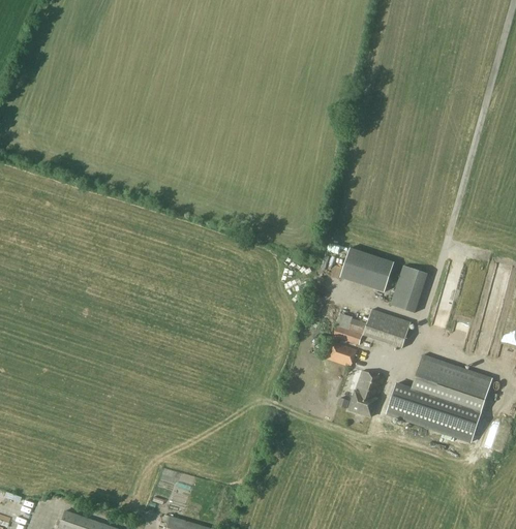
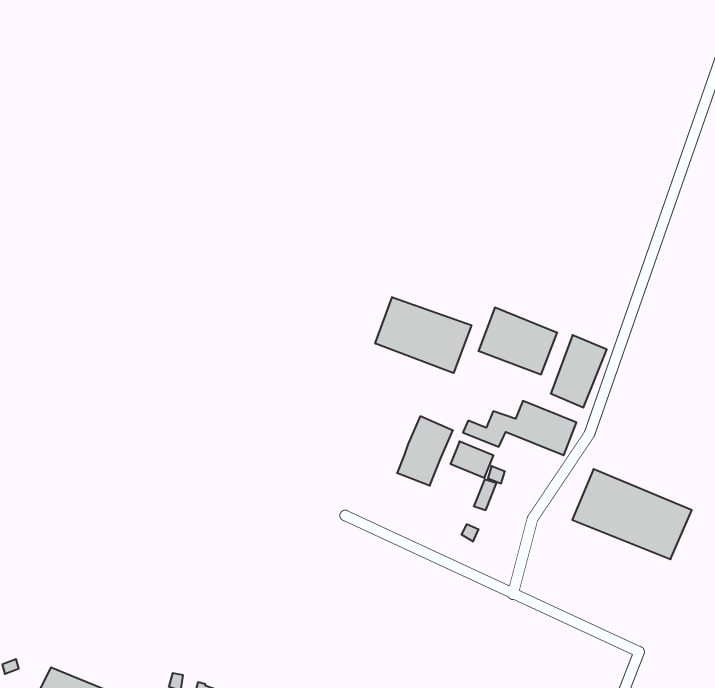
building: none -> [375,297,471,373]
building: [347,370,384,416] -> [397,416,453,486]
building: [392,386,479,439] -> none

